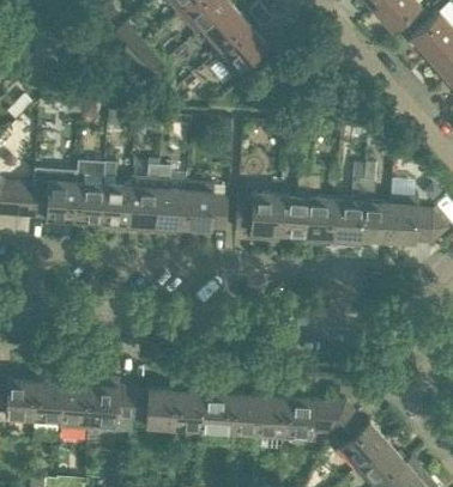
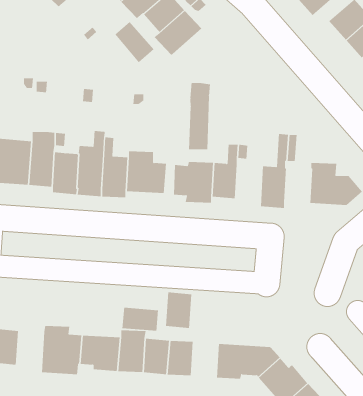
building: none -> [115,21,155,63]
building: none -> [188,82,210,150]
building: [304,197,336,244] -> none
building: [361,201,391,241] -> none
building: none -> [122,307,159,332]
building: [60,383,91,430] -> none
building: [256,395,286,436] -> [165,292,192,328]

